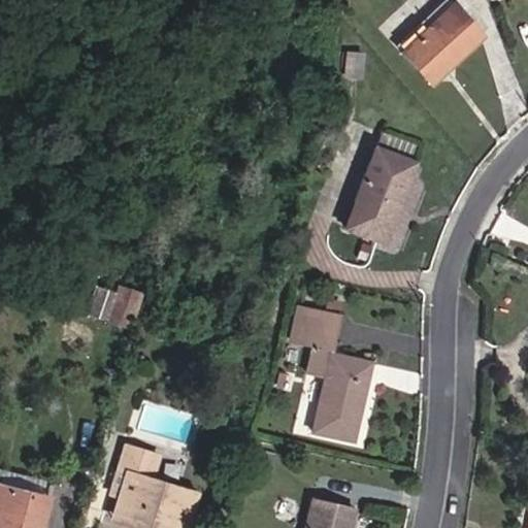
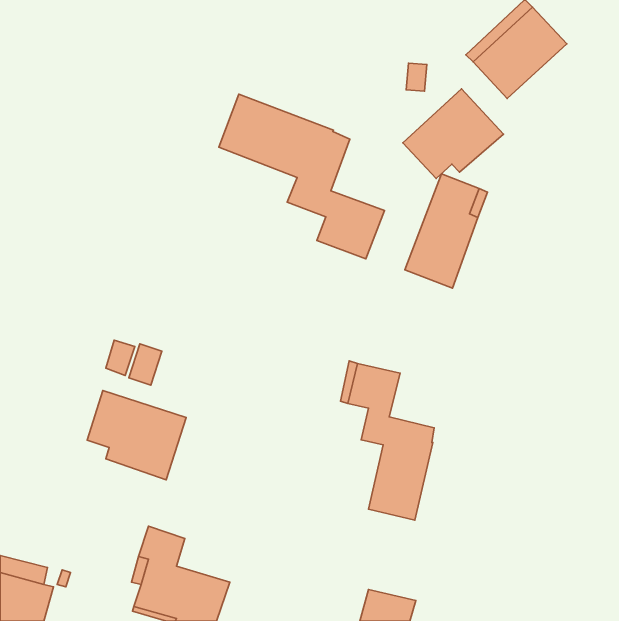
building: none -> [403,89,503,179]
building: none -> [219,94,385,259]
building: none -> [87,391,186,480]

